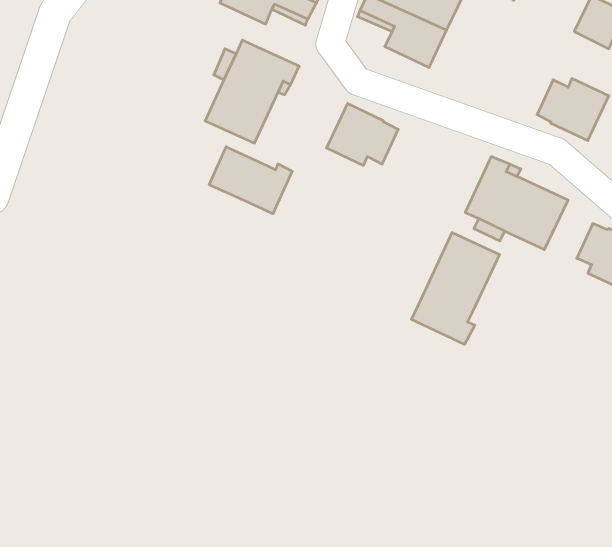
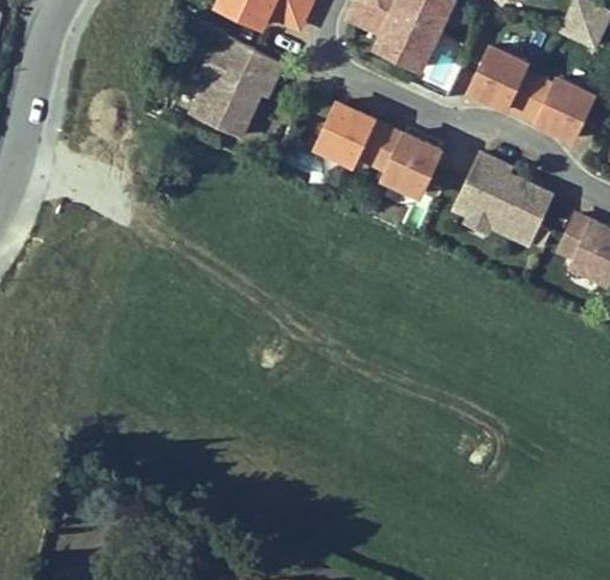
building: none -> [471,50,538,115]
building: none -> [373,129,440,194]
building: [209,147,292,214] -> none
building: [411,233,500,344] -> none

